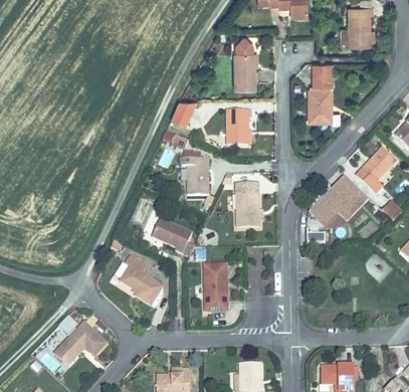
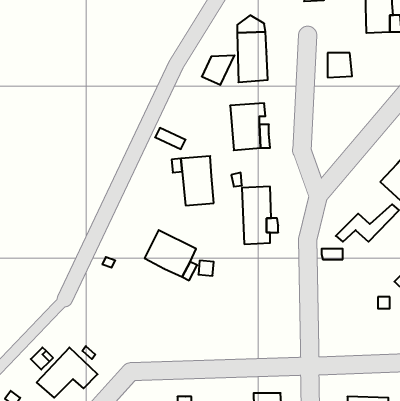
building: [299,90,334,127] -> none
building: [167,102,195,127] -> [202,55,235,85]
building: [302,174,361,223] -> none
building: [126,254,167,306] -> none
building: [205,265,232,316] -> none

